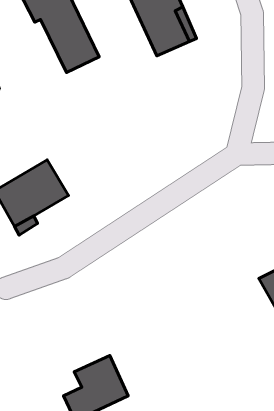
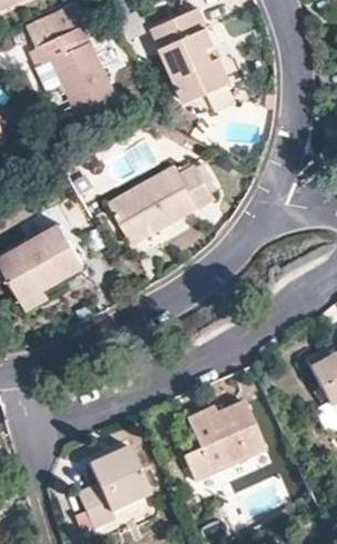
building: none -> [109,164,214,241]
building: none -> [184,402,266,481]

